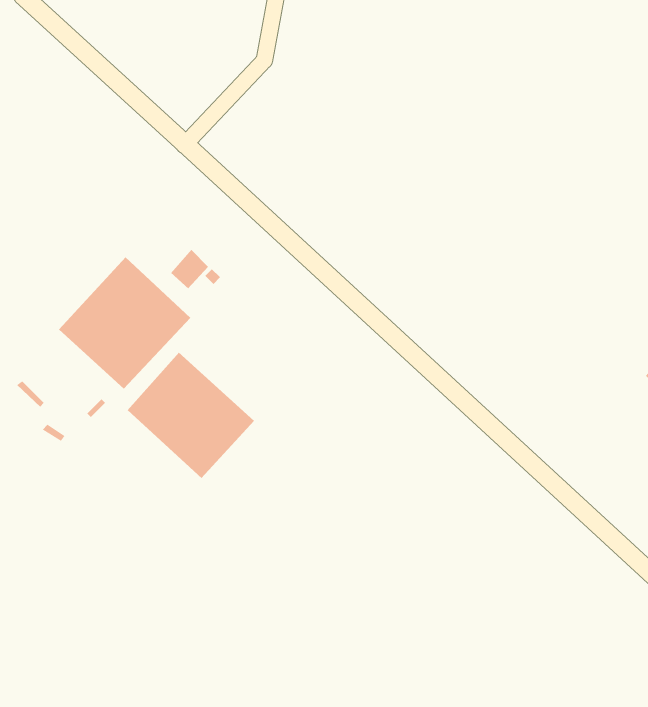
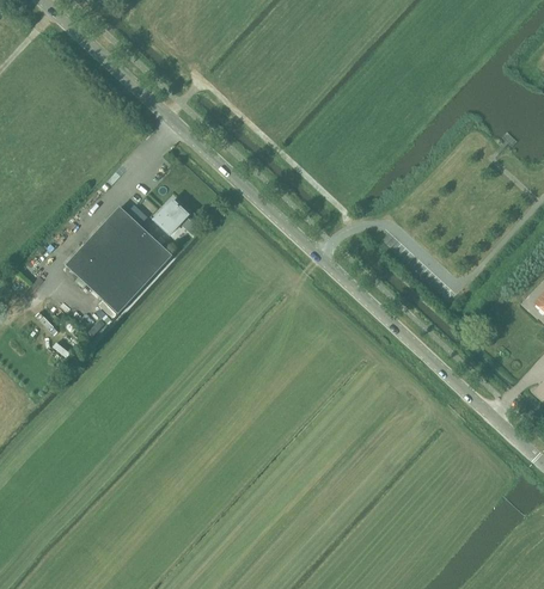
building: [127,352,255,479] -> none

